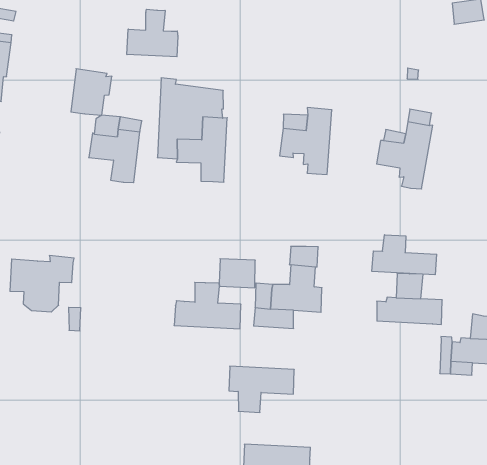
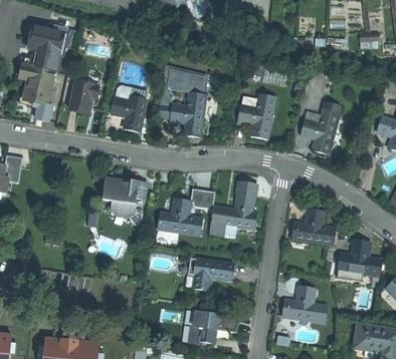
building: [127,9,178,57] -> none
building: [71,69,112,115] -> [68,79,97,111]
building: [372,235,437,275] -> none
building: [10,256,74,312] -> [103,178,147,216]
building: none -> [281,284,326,319]

